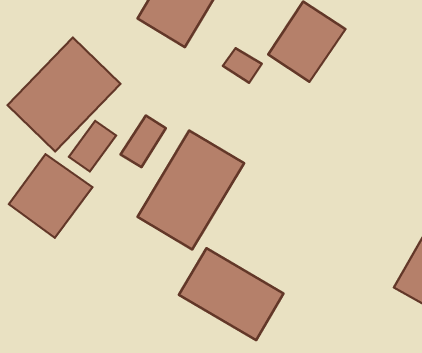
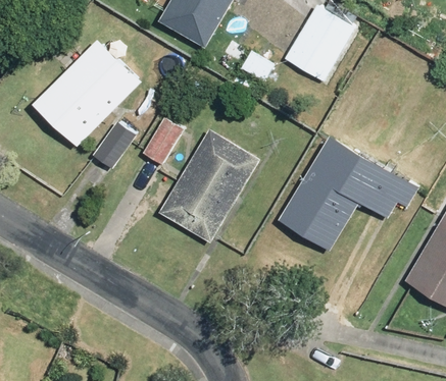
building: none -> [280,134,417,249]
building: [9,154,92,238] -> none
building: [179,248,284,340] -> none

